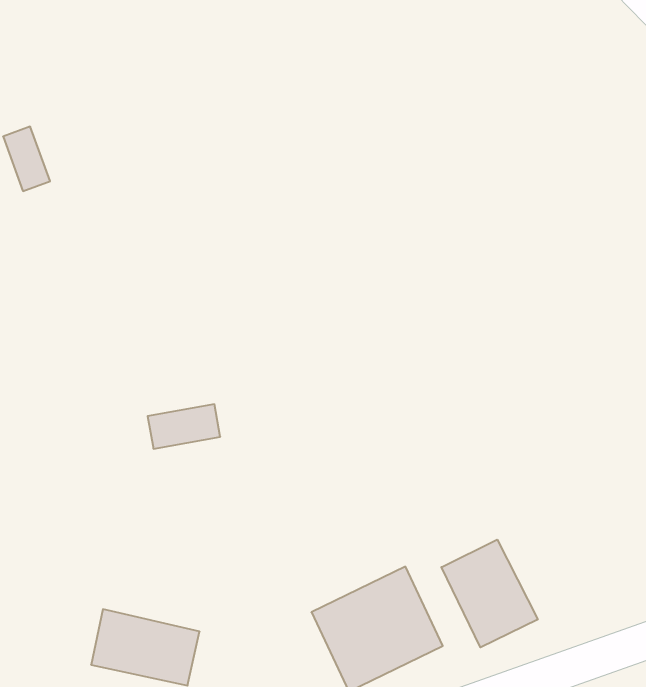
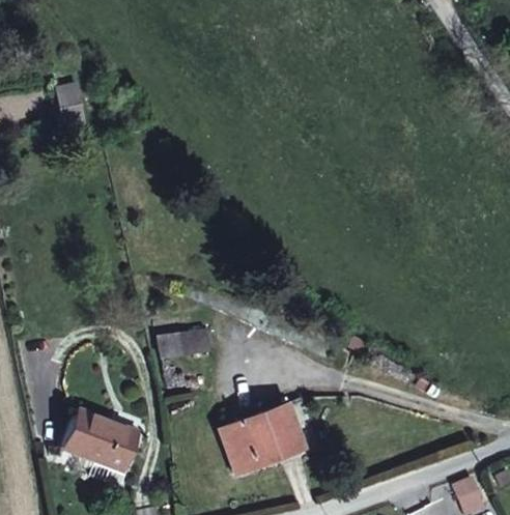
building: [148,404,220,449] -> [162,328,207,352]
building: [441,540,538,647] -> none

